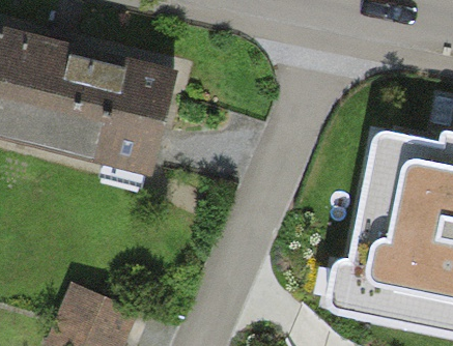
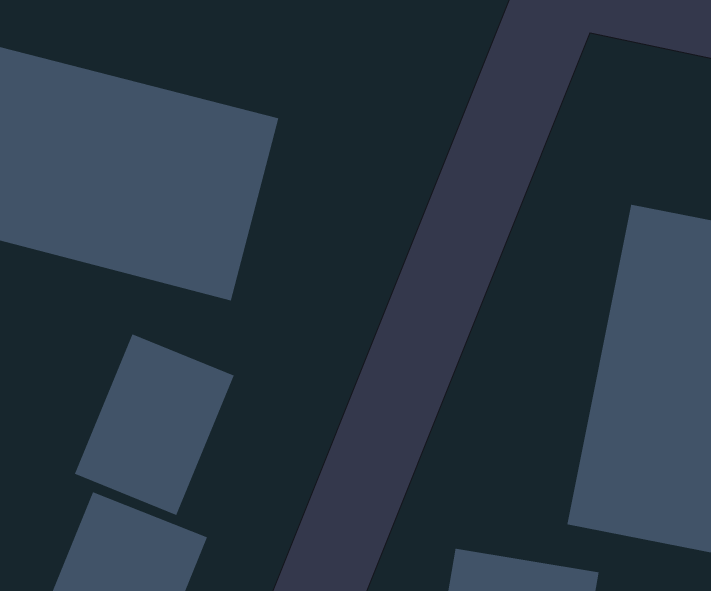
building: none -> [74,334,235,516]

